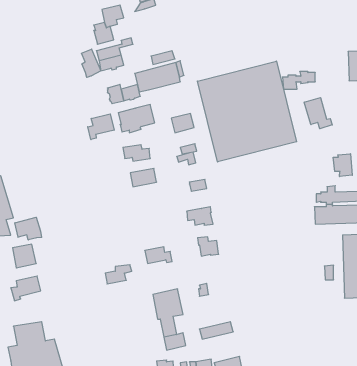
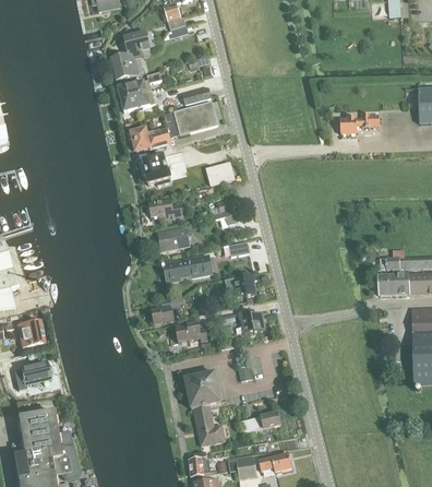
building: [81,49,101,77] -> none
building: [197,61,297,162] -> none
building: [304,98,332,129] -> none
building: [88,114,114,140] -> none
building: [333,154,352,177] -> none
building: none -> [161,256,212,282]
building: [15,217,42,240] -> none
building: [105,265,132,284] -> [148,301,180,324]

